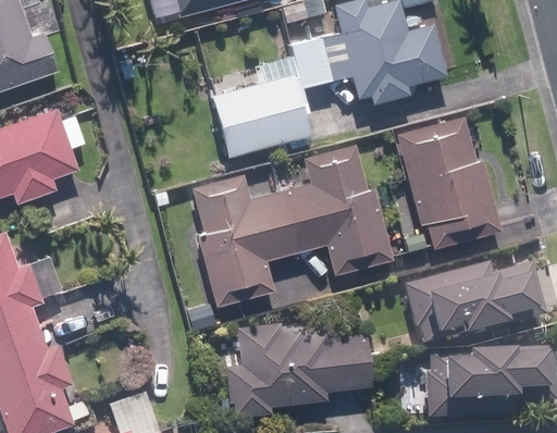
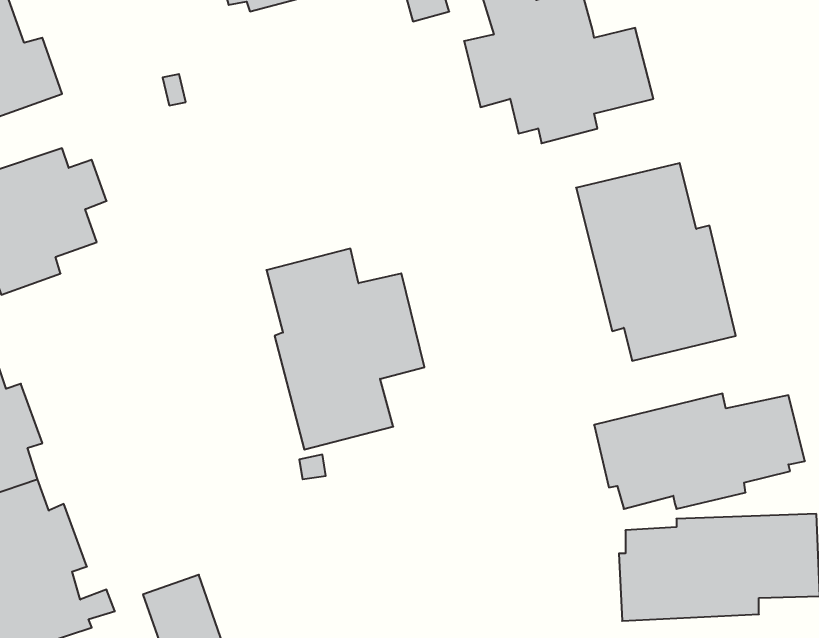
building: [210,27,332,156] -> none
building: [280,143,393,273] -> none
building: [222,325,370,419] -> none

